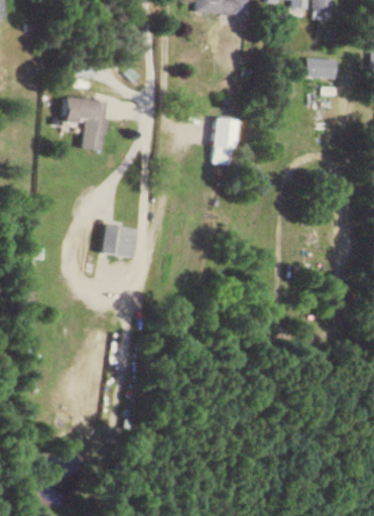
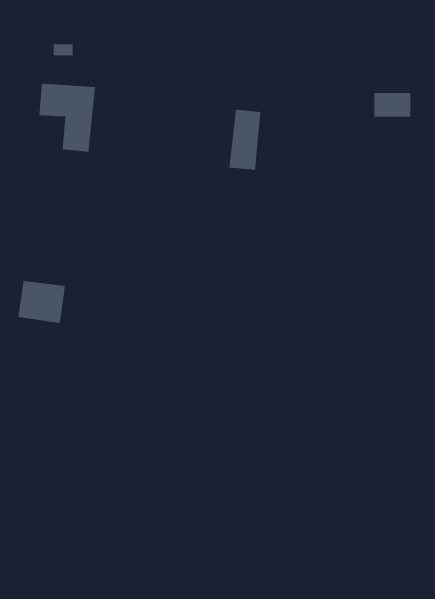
building: [307,58,337,78] -> [374,92,411,117]
building: [101,224,138,257] -> [18,281,66,324]

